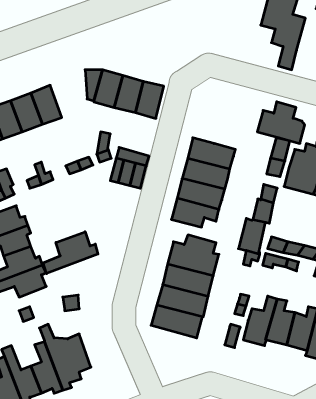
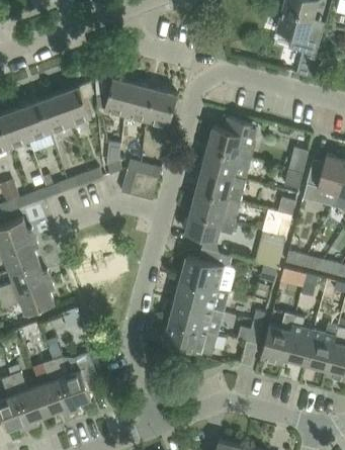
building: none -> [59,86,91,126]
building: [257,102,305,143] -> [207,116,257,160]
building: [43,232,98,274] -> none

